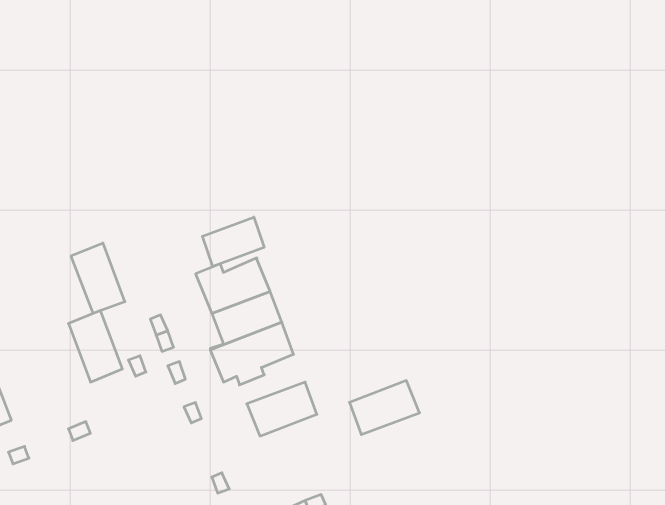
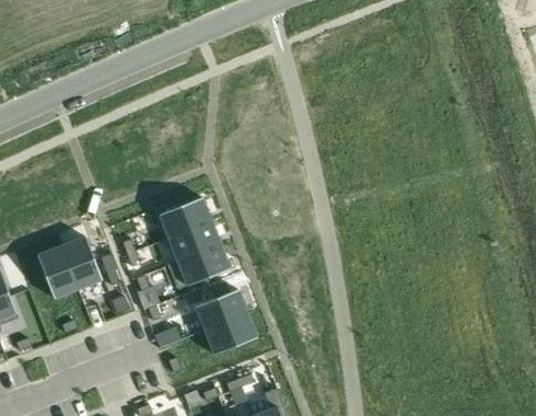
building: [202,217,264,267] -> none
building: [71,243,125,313] -> [37,245,78,298]
building: [349,381,420,435] -> [205,313,257,354]

